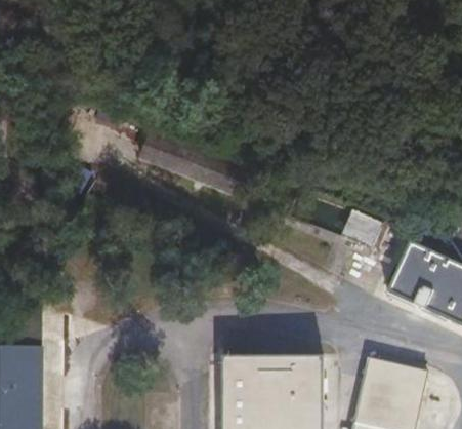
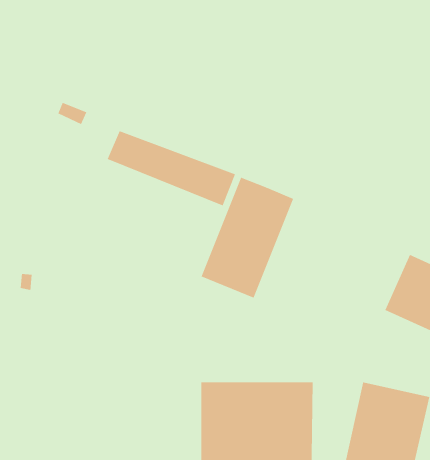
building: none -> [201,177,294,298]
building: [340,208,383,249] -> none

